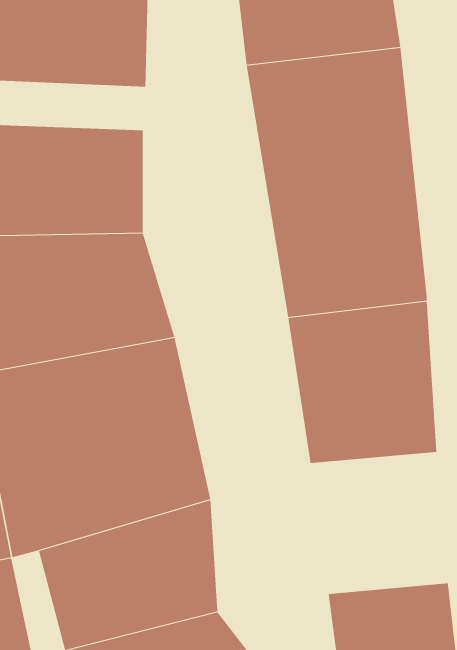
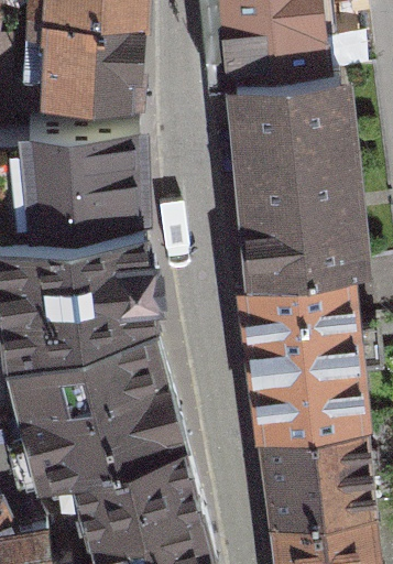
building: none -> [269,404,379,517]

